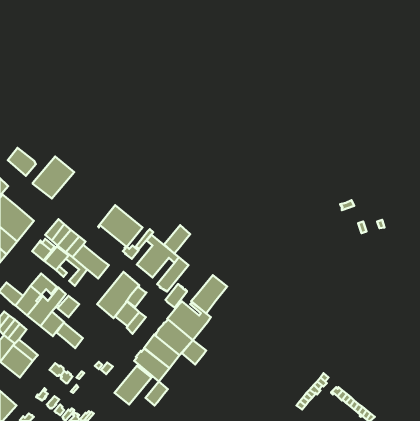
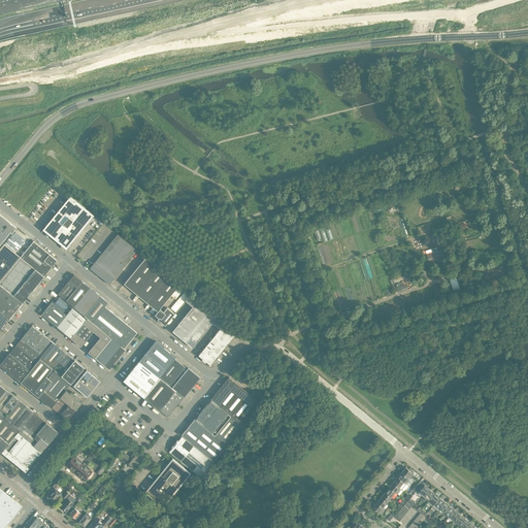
building: [8,148,36,176] -> [20,241,55,276]
building: none -> [89,234,136,285]
building: [164,225,190,253] -> none
building: none -> [8,326,52,370]
building: none -> [94,338,125,369]
building: [191,275,227,313] -> none
building: [165,284,187,307] -> [171,368,198,397]
building: [56,323,83,348] -> [24,412,57,444]
building: [182,340,206,365] -> none
building: [146,381,168,405] -> none

